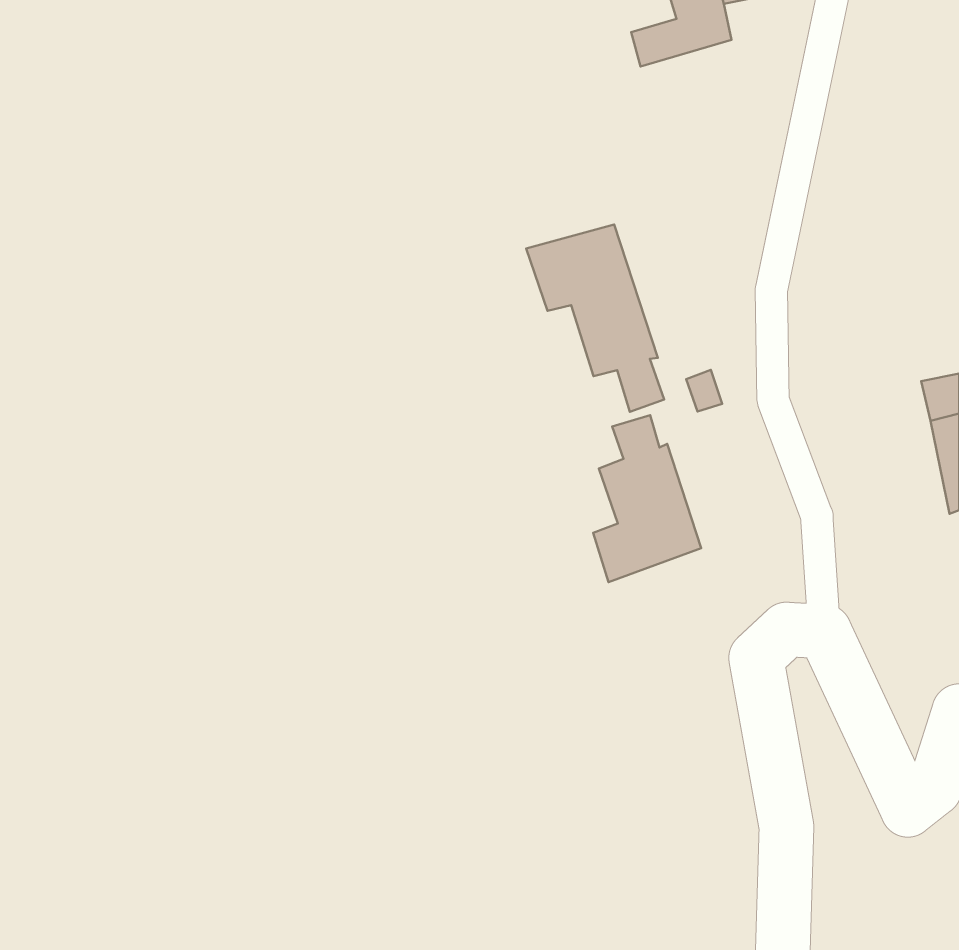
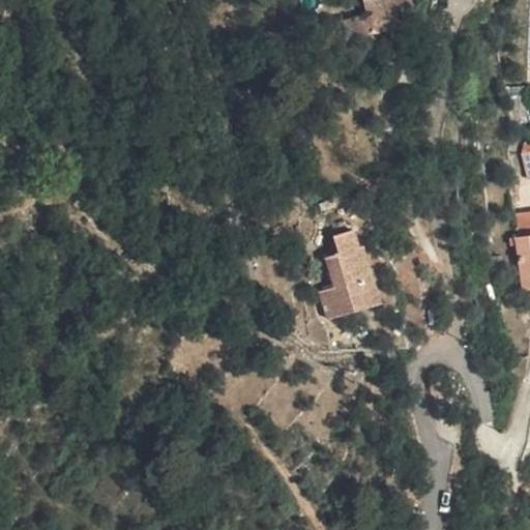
building: [526,224,664,412] -> none

